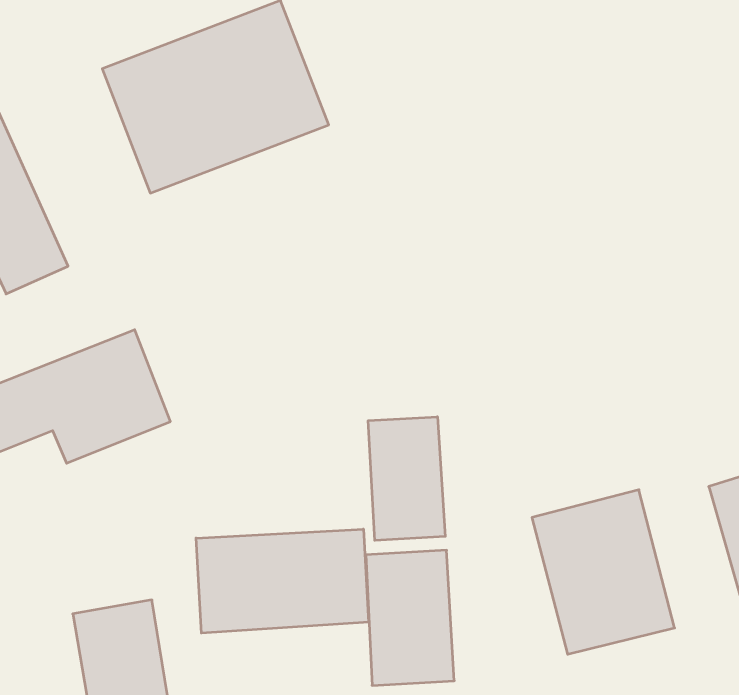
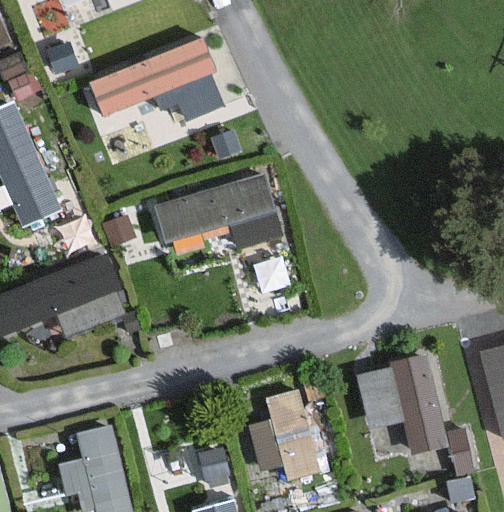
building: none -> [150,173,283,249]
building: [368,417,445,540] -> none
building: [196,529,369,633] -> none

